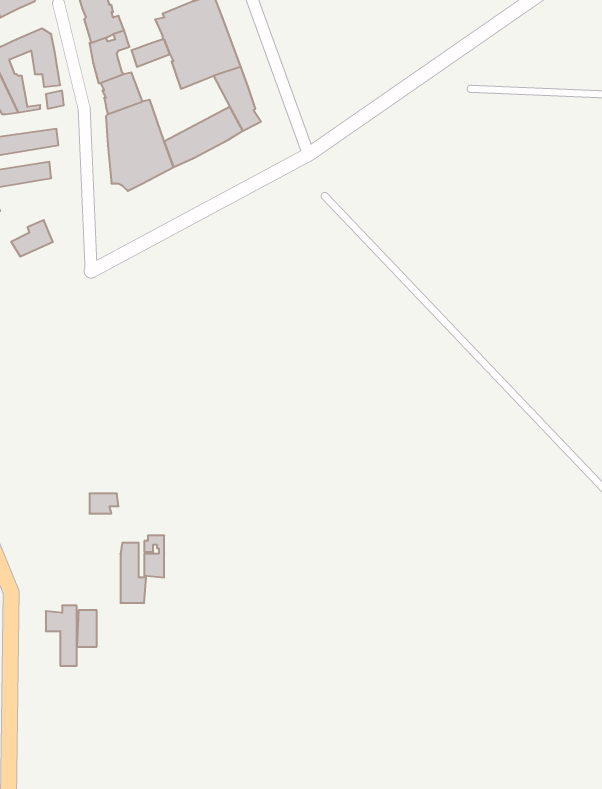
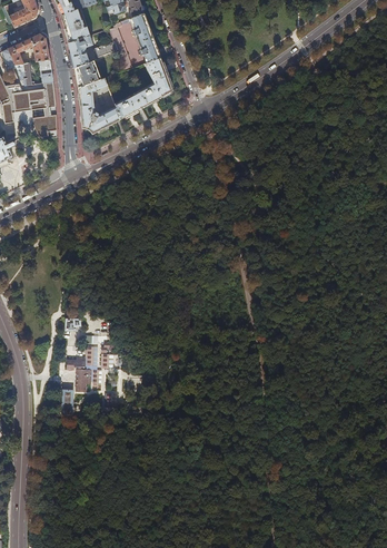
building: [46,606,77,666] -> [66,353,85,390]

